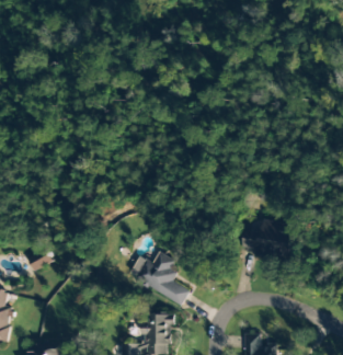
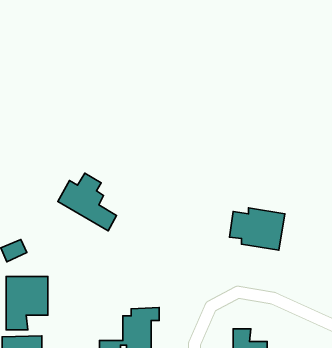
building: [134,251,188,305] -> [58,173,116,231]
building: none -> [6,277,48,330]

